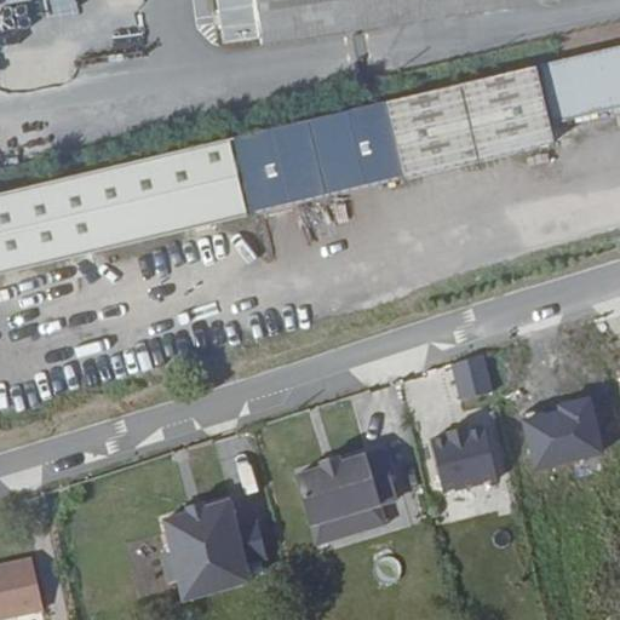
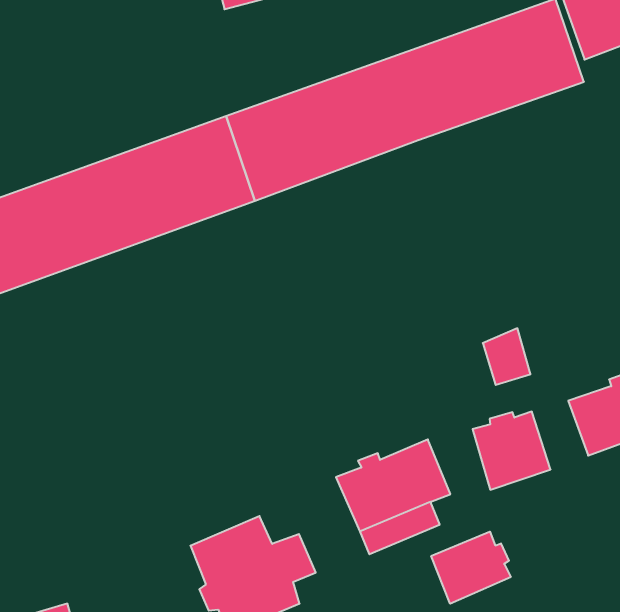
building: none -> [431,532,511,604]

